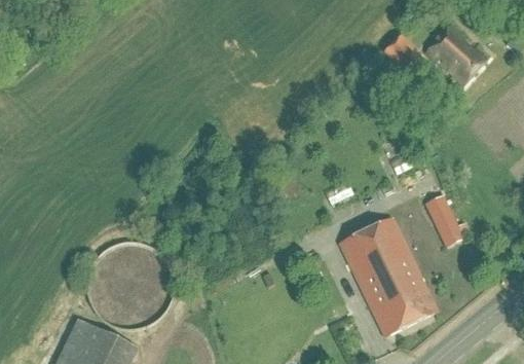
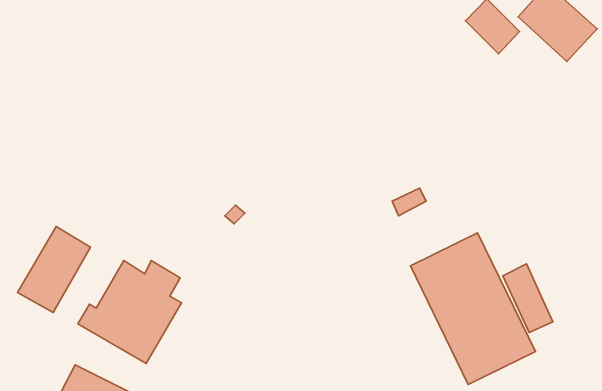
building: [425,195,464,249] -> [503,264,553,332]
building: none -> [18,227,91,313]

